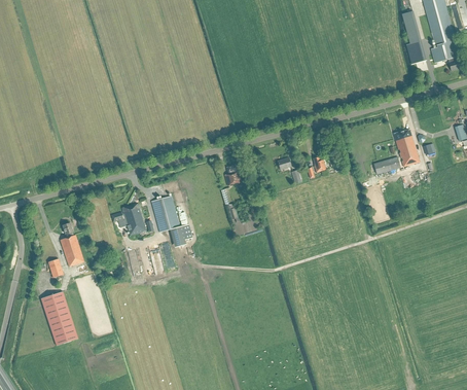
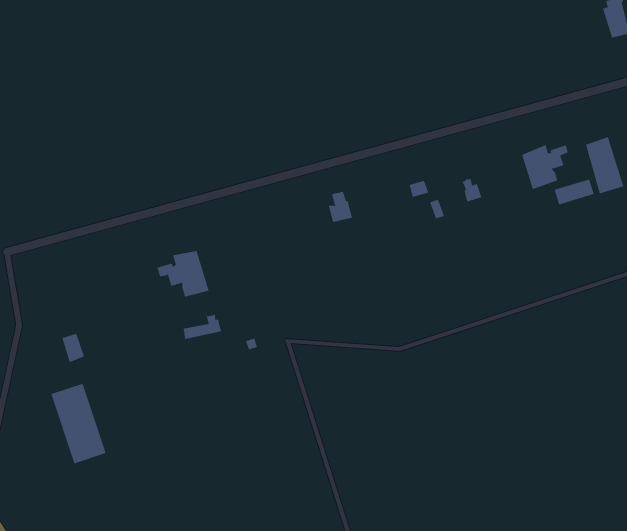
building: none -> [522,144,568,190]
building: [151,196,192,247] -> none
building: [61,222,84,267] -> none

